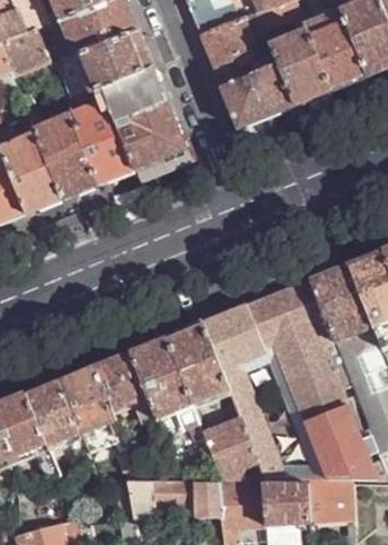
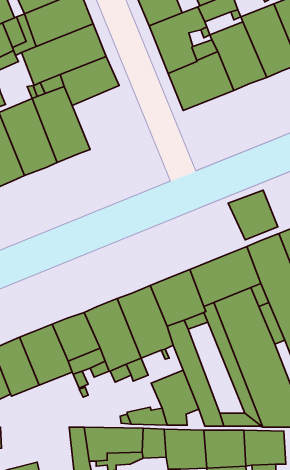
building: [116,98,187,169] -> none
building: none -> [228,190,278,240]

